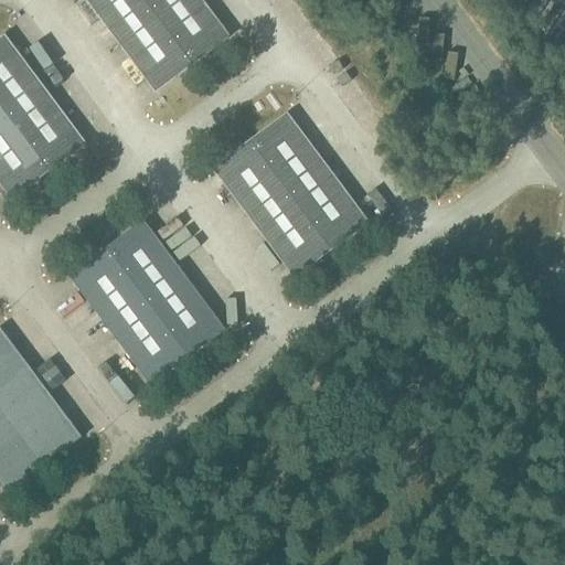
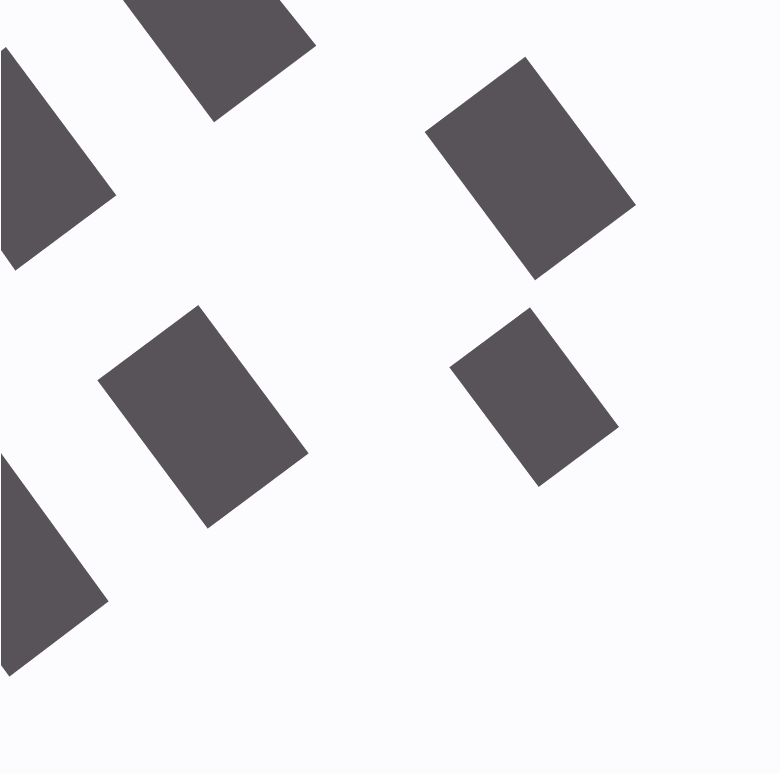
building: [213,111,367,275] -> [423,55,637,281]
building: none -> [448,306,620,488]

